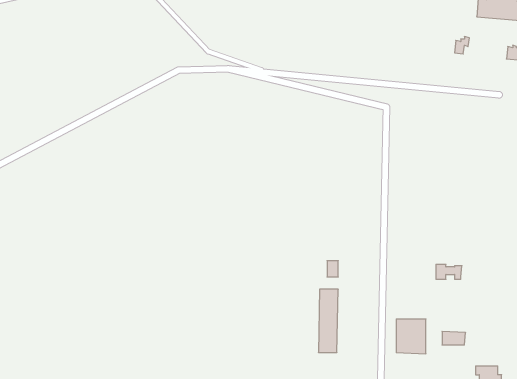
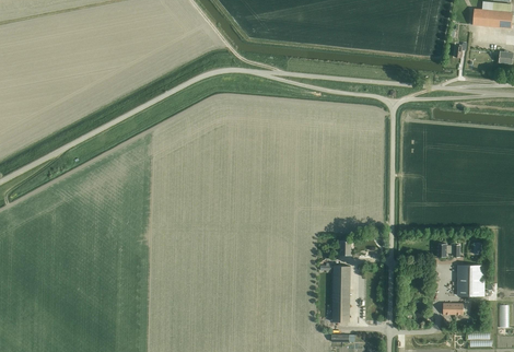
building: [396,319,426,354] -> [458,266,484,296]

